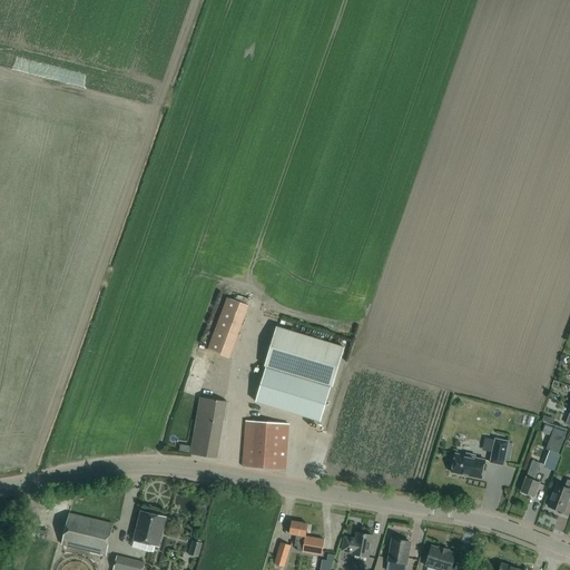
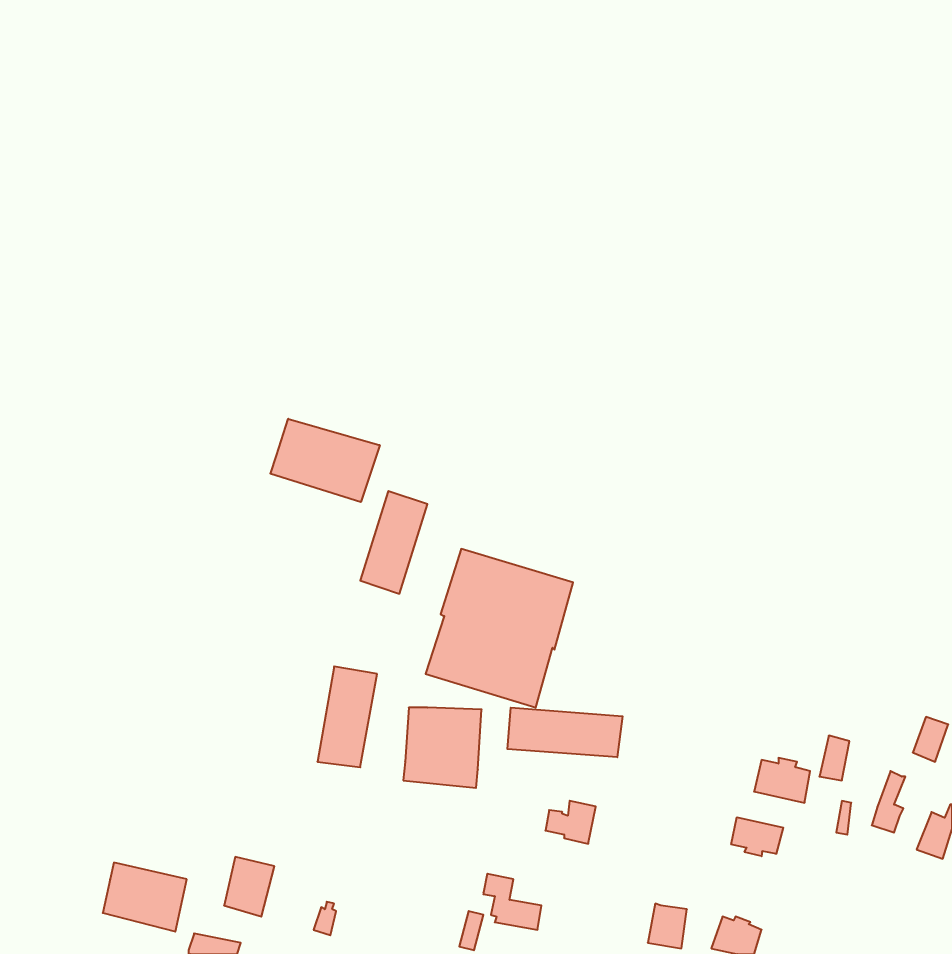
building: none -> [270,419,380,502]
building: none -> [507,708,623,757]
building: none -> [731,817,783,856]
building: [341,532,371,558] -> [545,801,596,844]

